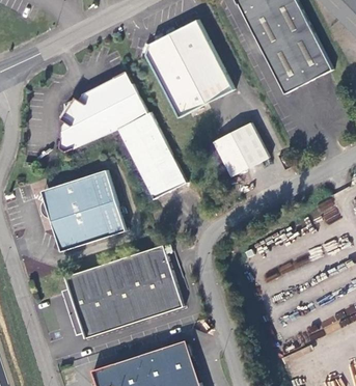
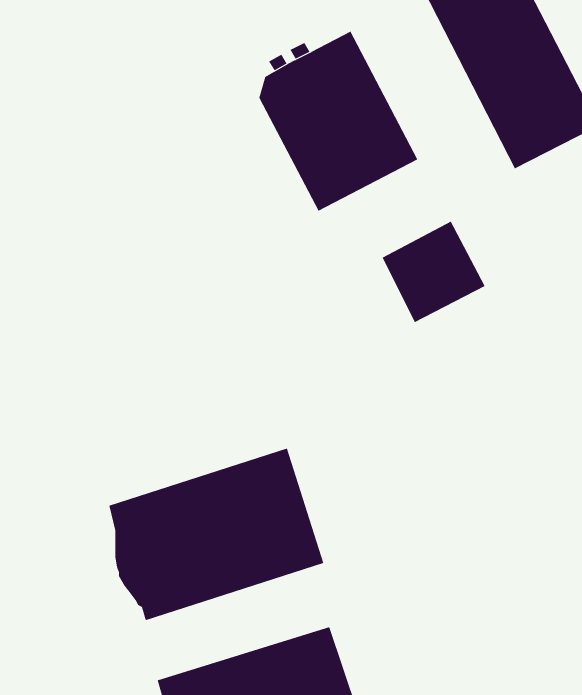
building: [59,70,187,199] -> none
building: [40,169,126,251] -> none

